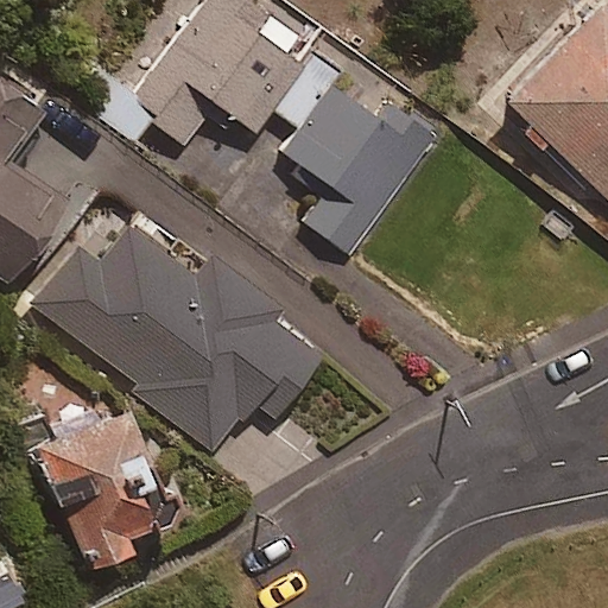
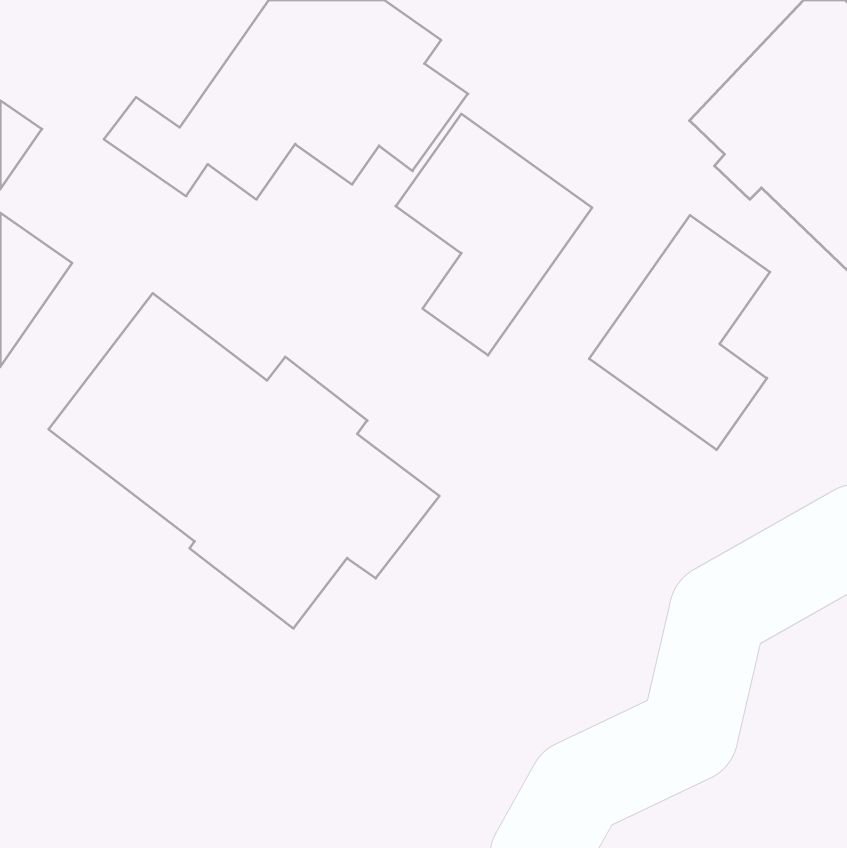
building: none -> [589,215,770,450]
building: [24,395,175,570] -> none

